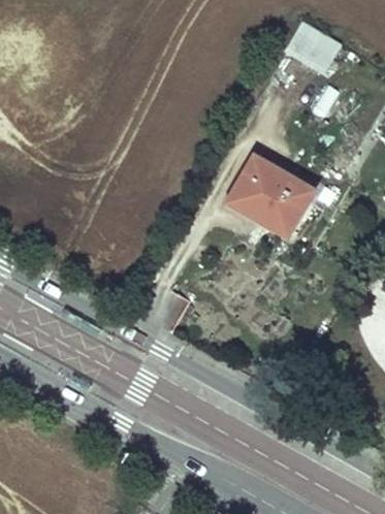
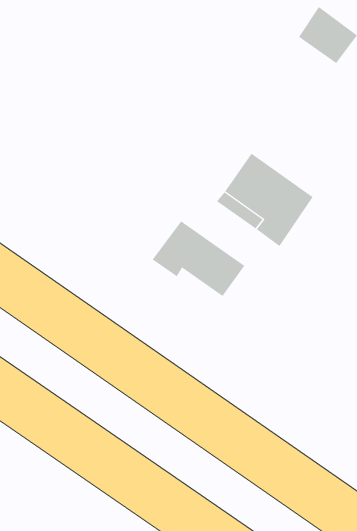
building: none -> [152,220,245,297]

